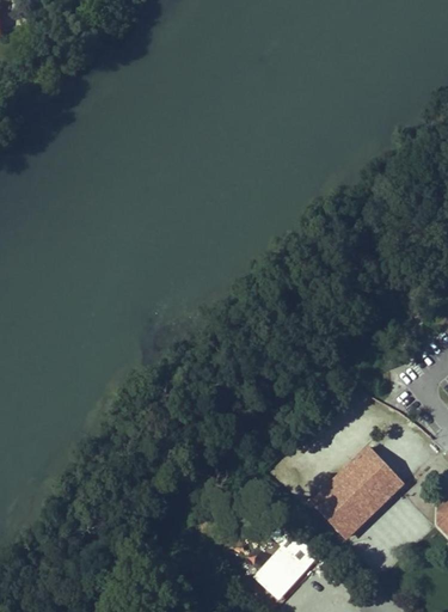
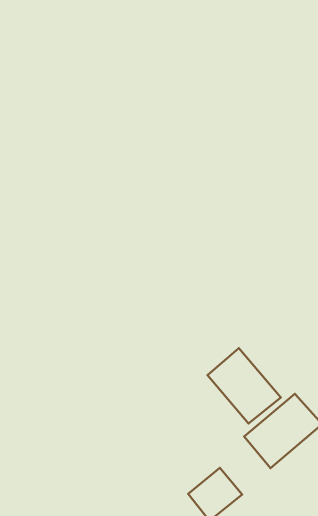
building: none -> [207,348,281,424]

